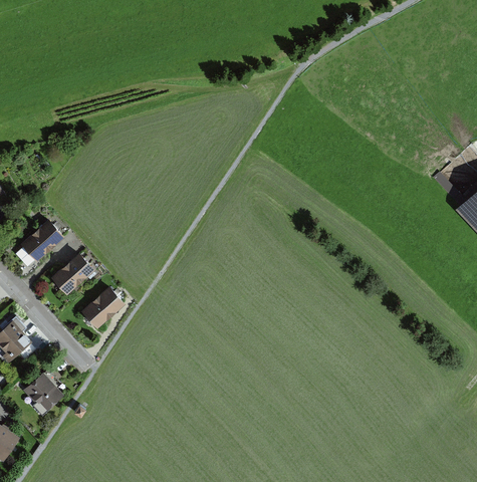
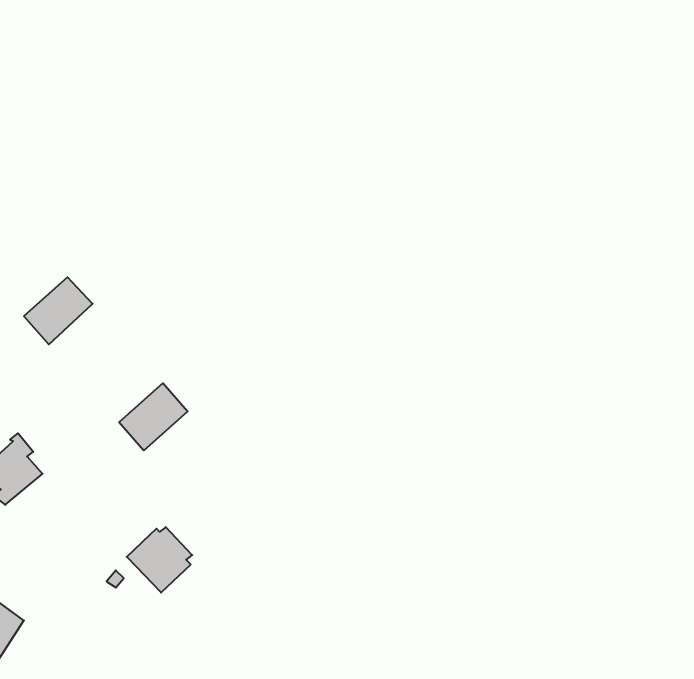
building: [51,251,95,294] -> none
building: [23,372,65,414] -> [127,527,192,593]

